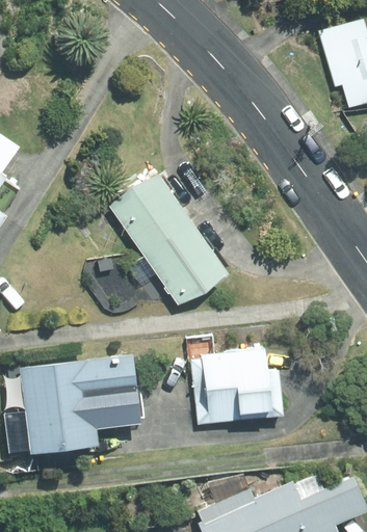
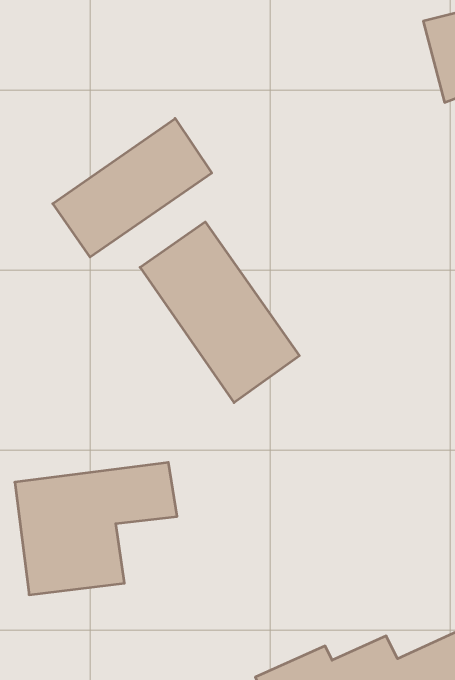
building: none -> [53,118,212,257]
building: [189,343,286,423] -> none

